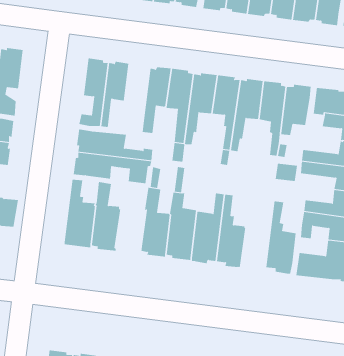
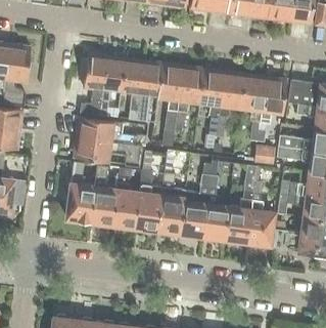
building: none -> [121,58,143,120]
building: none -> [224,165,255,244]
building: none -> [112,167,140,229]

